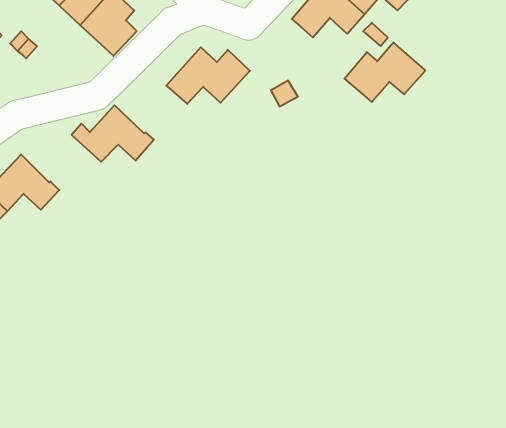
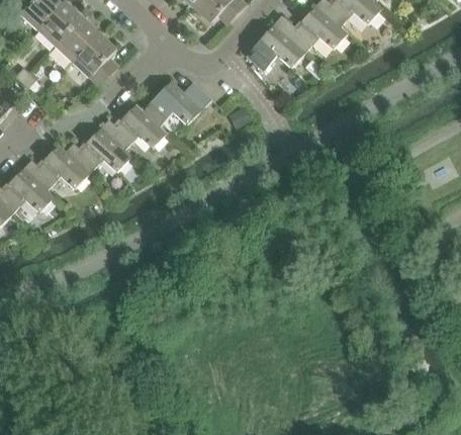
building: [344,42,425,102] -> none
building: none -> [100,104,167,151]
building: none -> [23,145,89,191]

